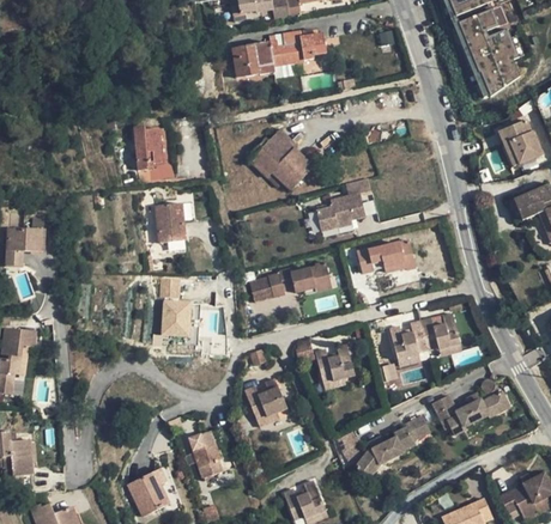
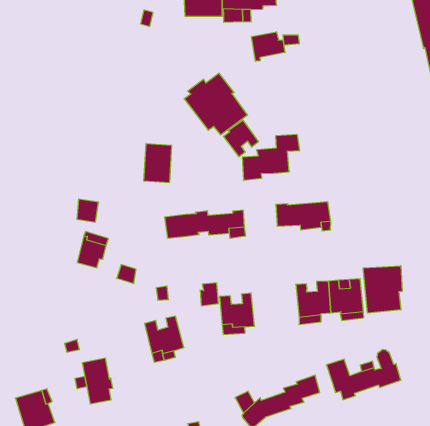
building: none -> [251,32,285,61]
building: [133,126,163,170] -> none
building: none -> [224,120,258,157]
building: [156,203,186,243] -> [144,144,172,182]
building: none -> [363,266,402,313]

